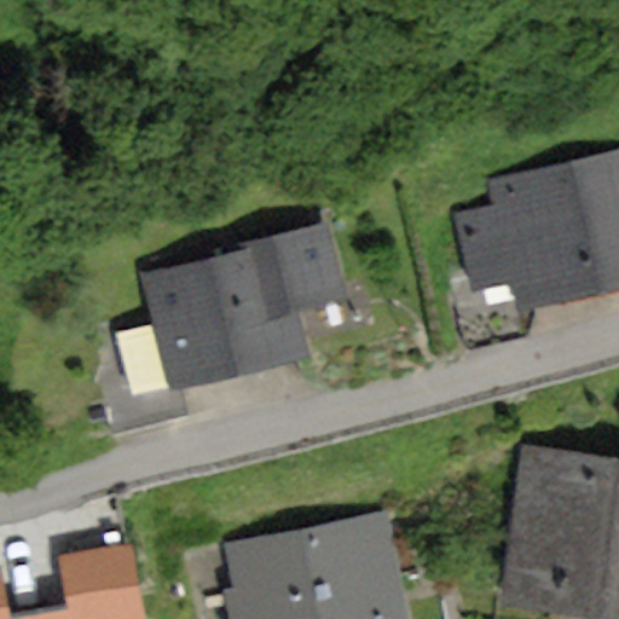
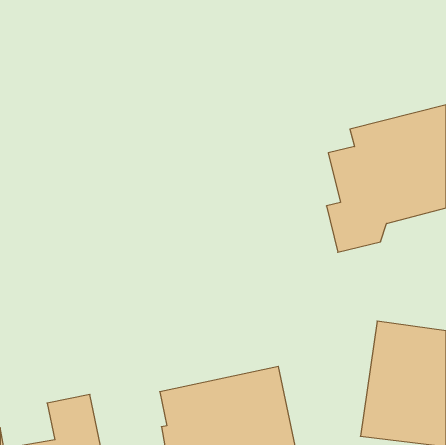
building: [118,221,347,398] -> none

